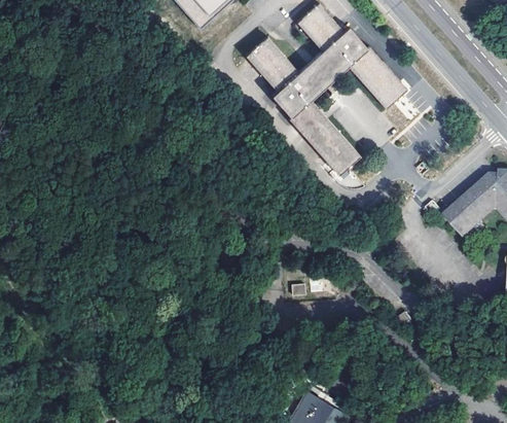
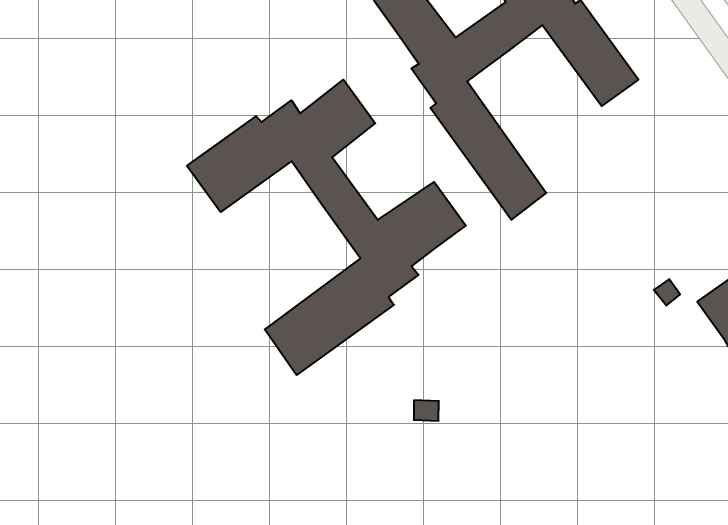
building: none -> [187,80,466,375]

